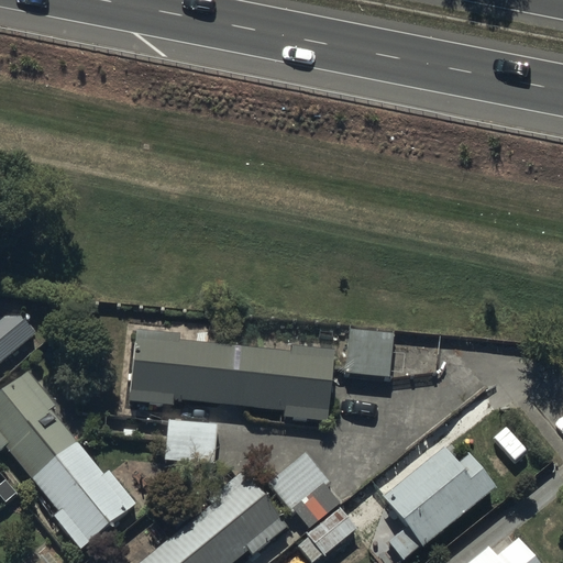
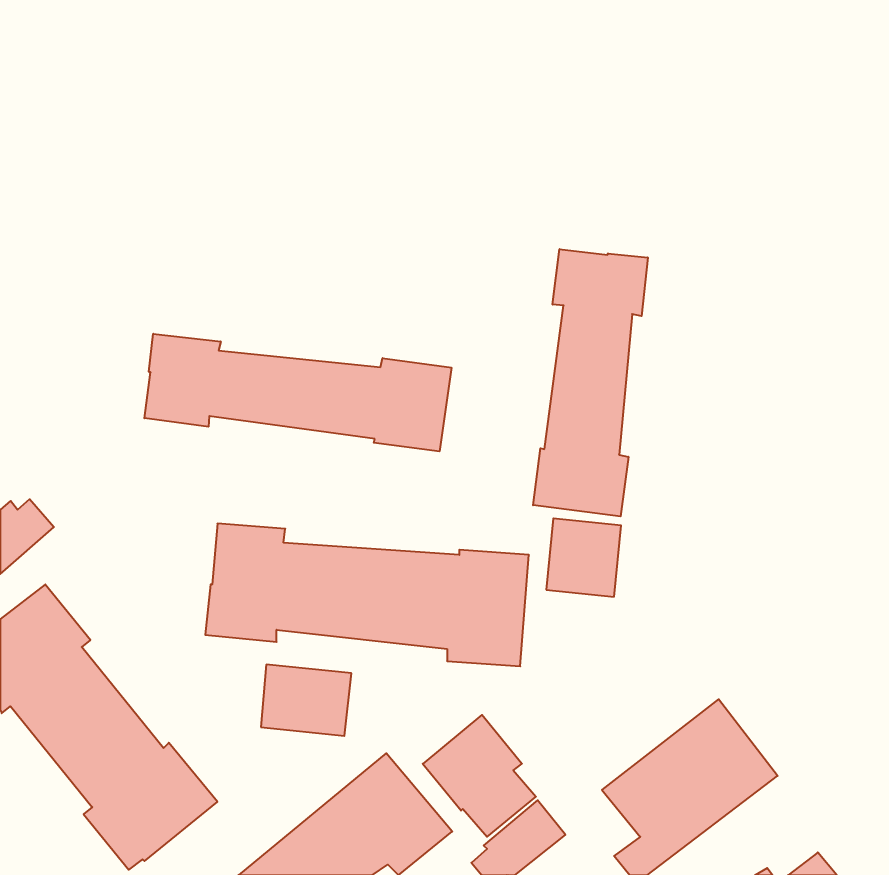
building: none -> [533,249,648,516]
building: none -> [144,334,451,451]

